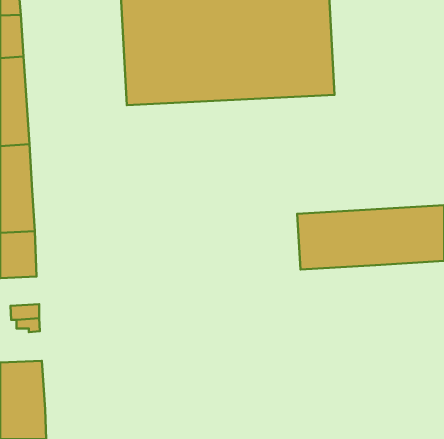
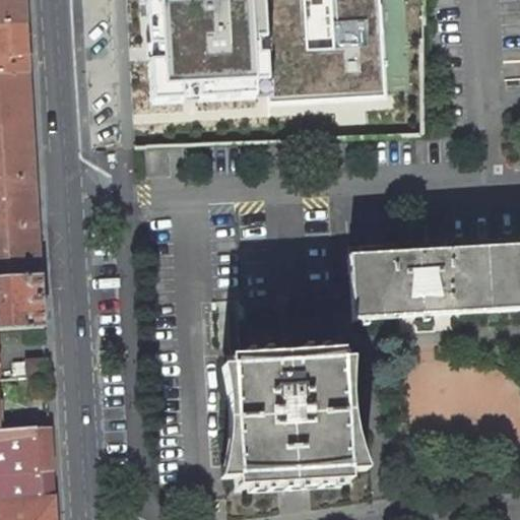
building: none -> [225,342,352,486]

